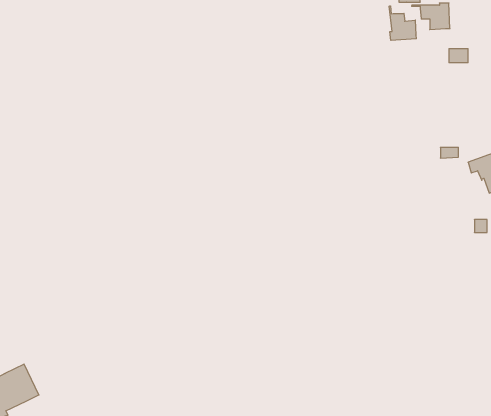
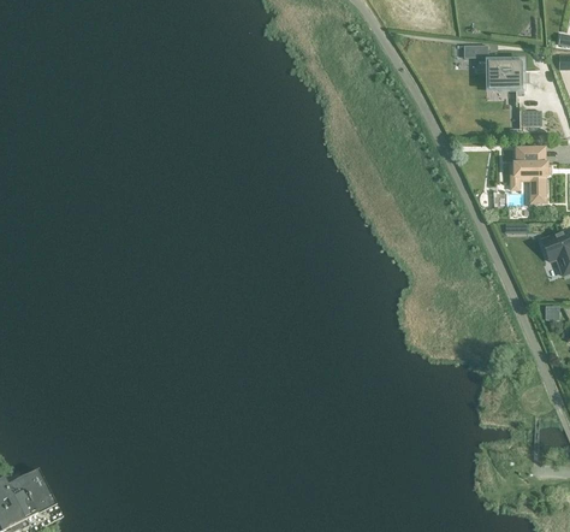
building: [389,6,416,40] -> none
building: none -> [512,149,545,202]

